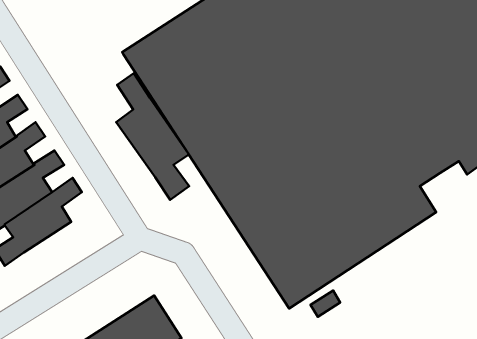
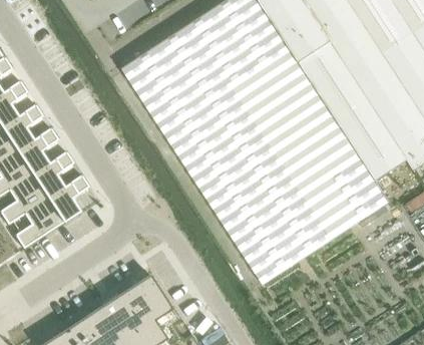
building: [116,73,189,200] -> none

